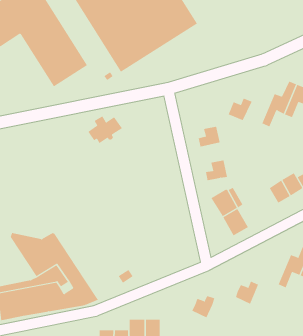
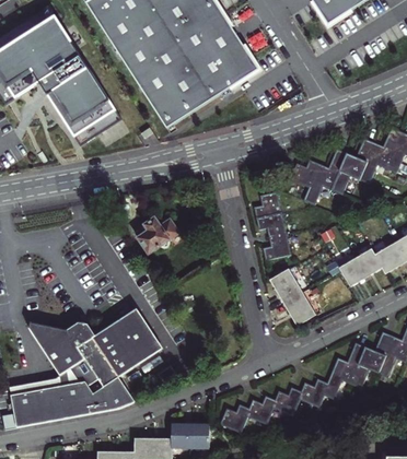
building: none -> [303,149,346,204]
building: [87,116,123,144] -> [137,217,179,251]
building: none -> [256,213,286,237]
building: none -> [82,308,163,377]
building: none -> [323,343,365,399]
building: none -> [272,388,301,415]
building: none -> [220,404,249,432]

